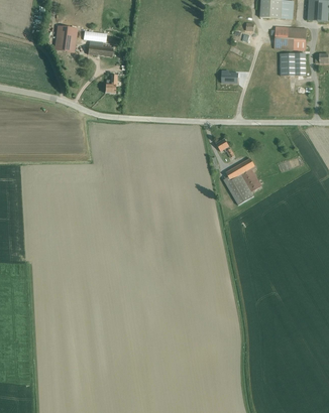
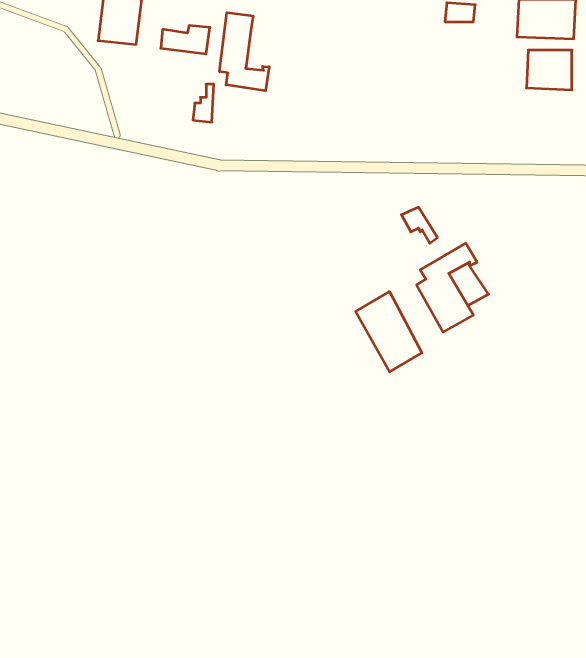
building: none -> [220,13,269,91]
building: none -> [356,292,422,372]

